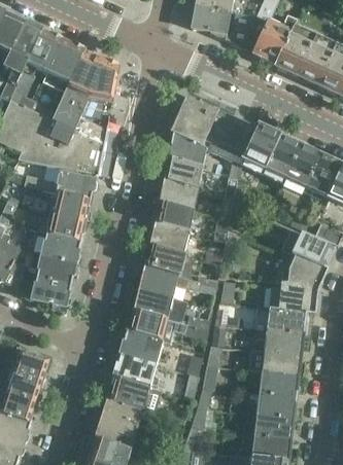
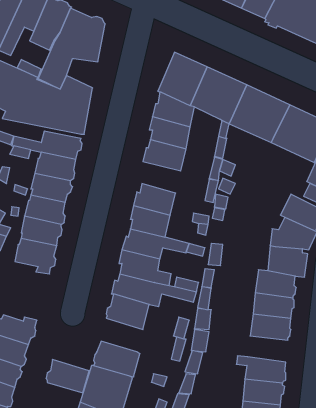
building: [153,200,193,230] -> none
building: [113,353,156,386] -> [46,359,89,393]
building: [259,370,299,396] -> none

